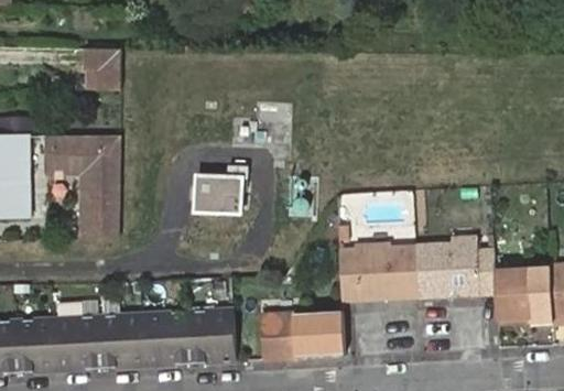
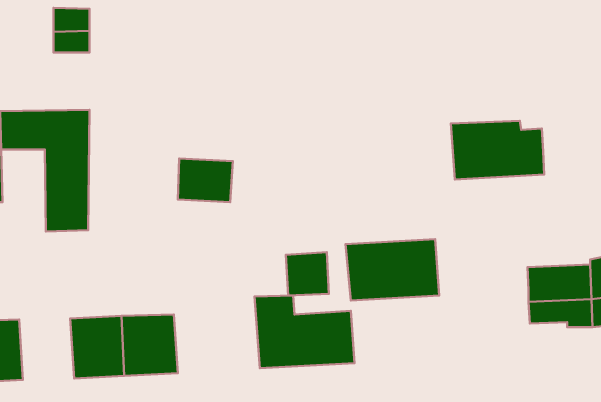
building: [415,245,496,295] -> [451,121,544,180]
building: none -> [286,252,329,295]
building: [191,309,237,362] -> none
building: [57,315,105,368] -> none

